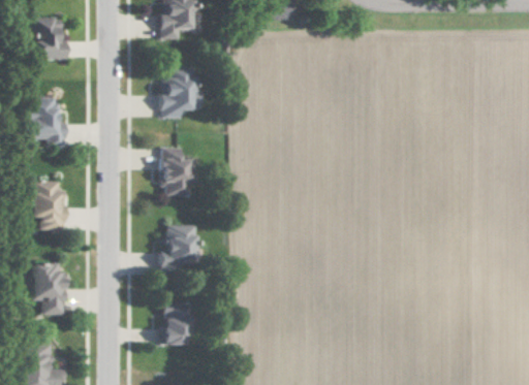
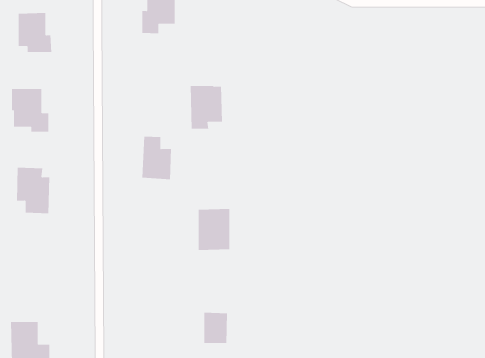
building: [162,71,197,118] -> [190,85,223,129]
building: [164,224,198,268] -> [198,209,230,250]
building: [33,263,65,314] -> none
building: [166,312,192,345] -> [204,312,228,343]

